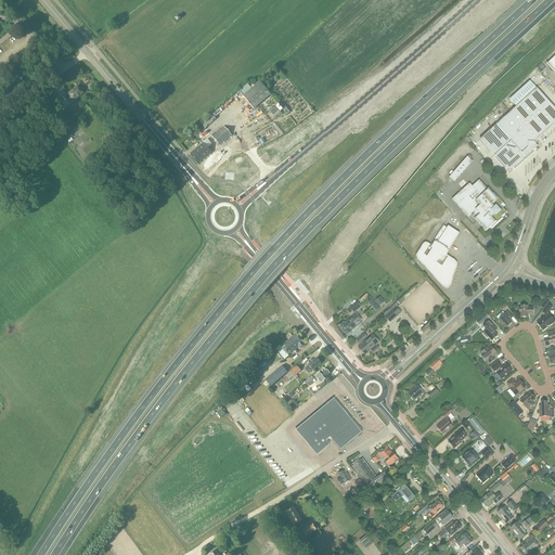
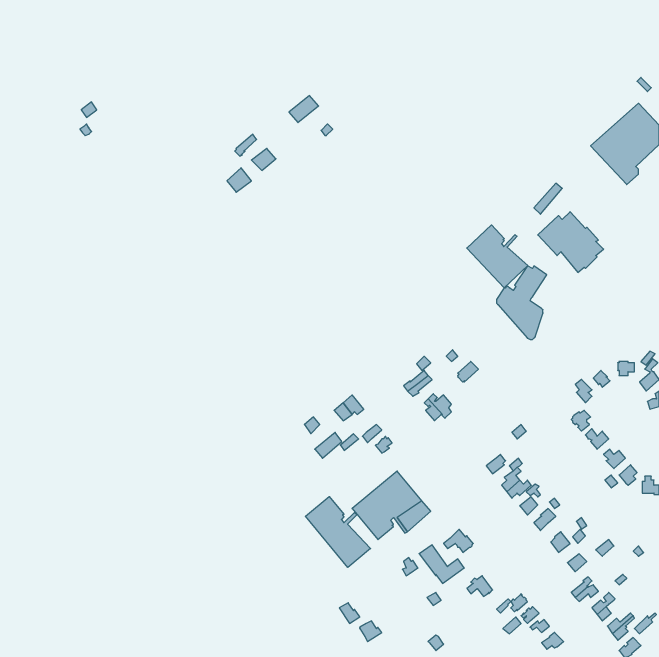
building: [480,122,527,168] -> none
building: none -> [467,225,528,288]
building: none -> [305,497,371,567]

